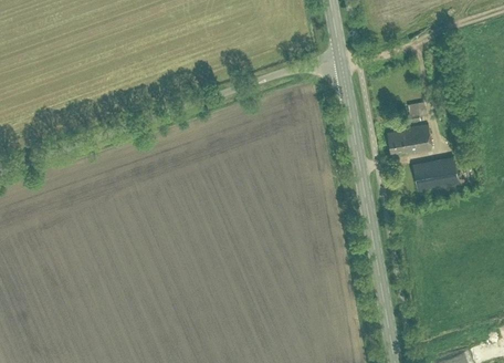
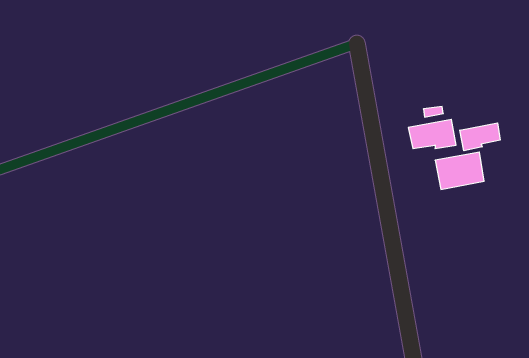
building: none -> [460,123,500,151]

